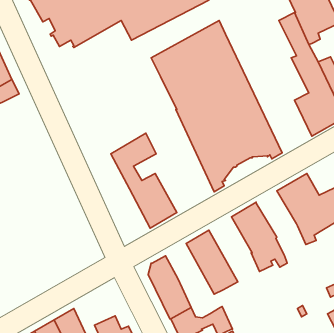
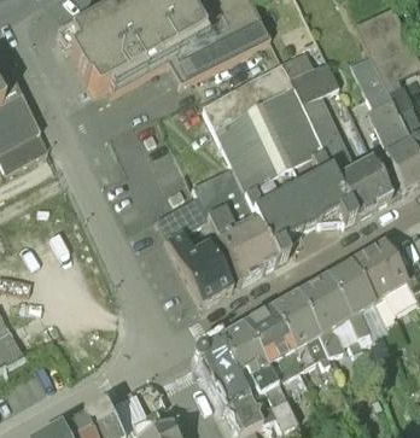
building: none -> [287,60,389,217]
building: none -> [191,167,274,284]
building: none -> [323,262,384,343]
building: none -> [268,292,328,368]
building: none -> [217,323,281,405]

